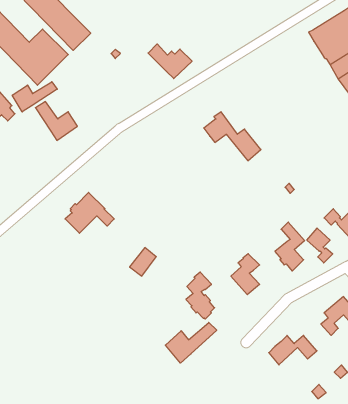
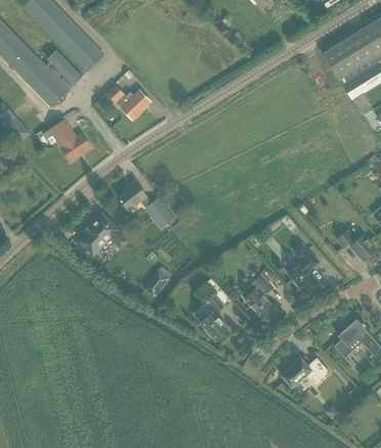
building: [148,44,192,79] -> [107,84,151,119]
building: [12,82,57,112] -> none
building: [204,112,261,161] -> [117,179,174,229]
building: [307,228,333,263] -> none
building: [165,322,217,363] -> none

